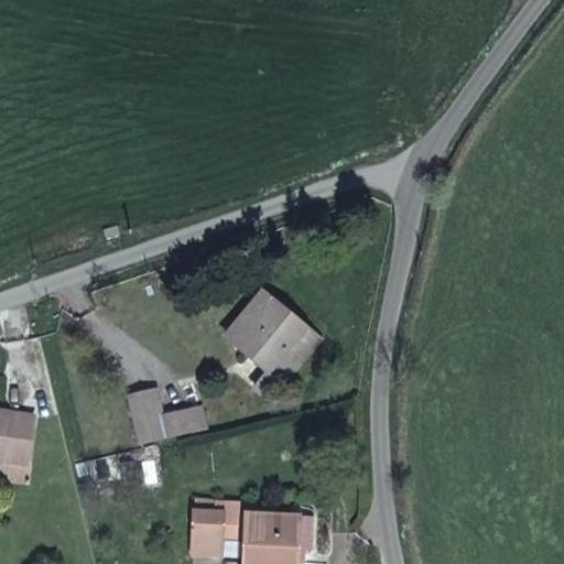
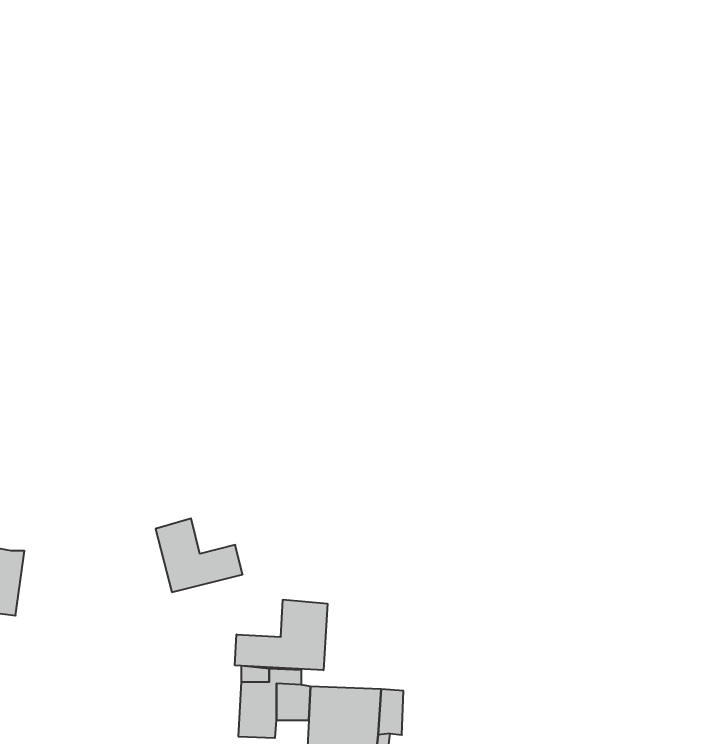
building: [225,292,317,382] -> none
building: none -> [235,600,327,670]

